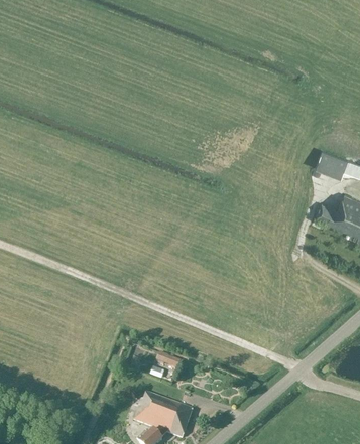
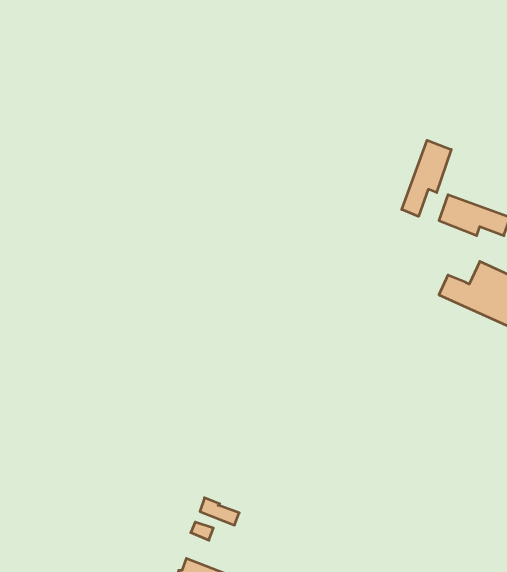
building: none -> [402,140,451,216]

